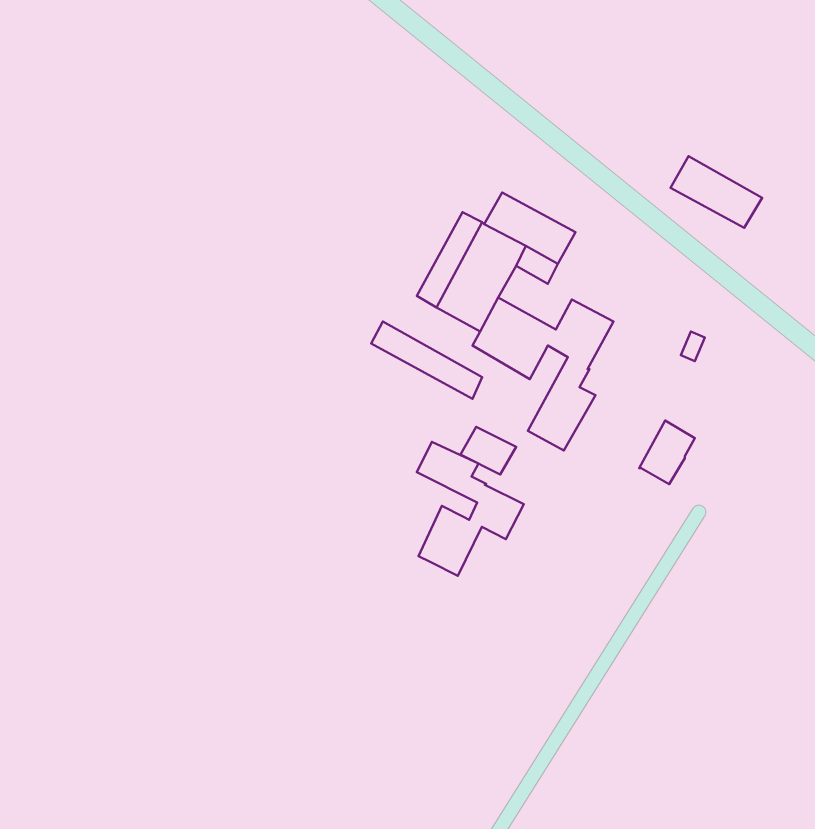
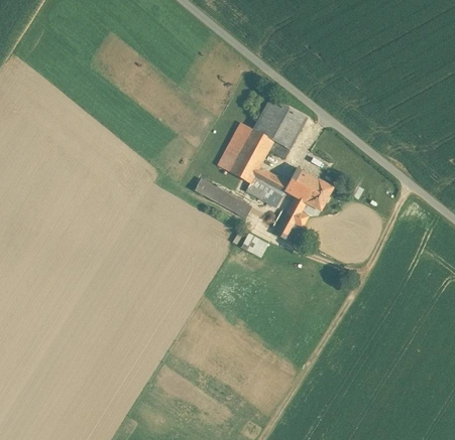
building: [671,156,762,228] -> [261,97,308,133]
building: [639,420,695,484] -> [305,178,333,210]
building: [417,442,524,576] -> none

